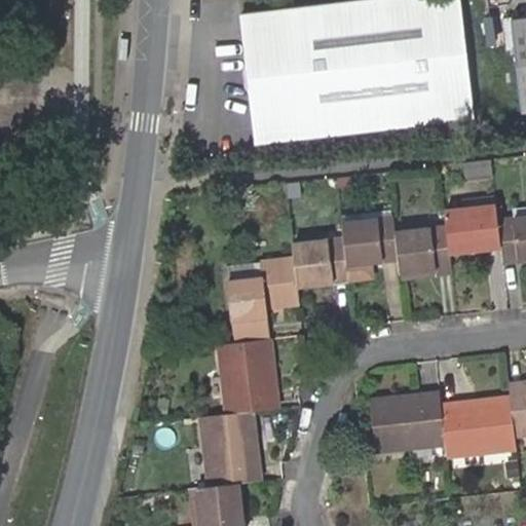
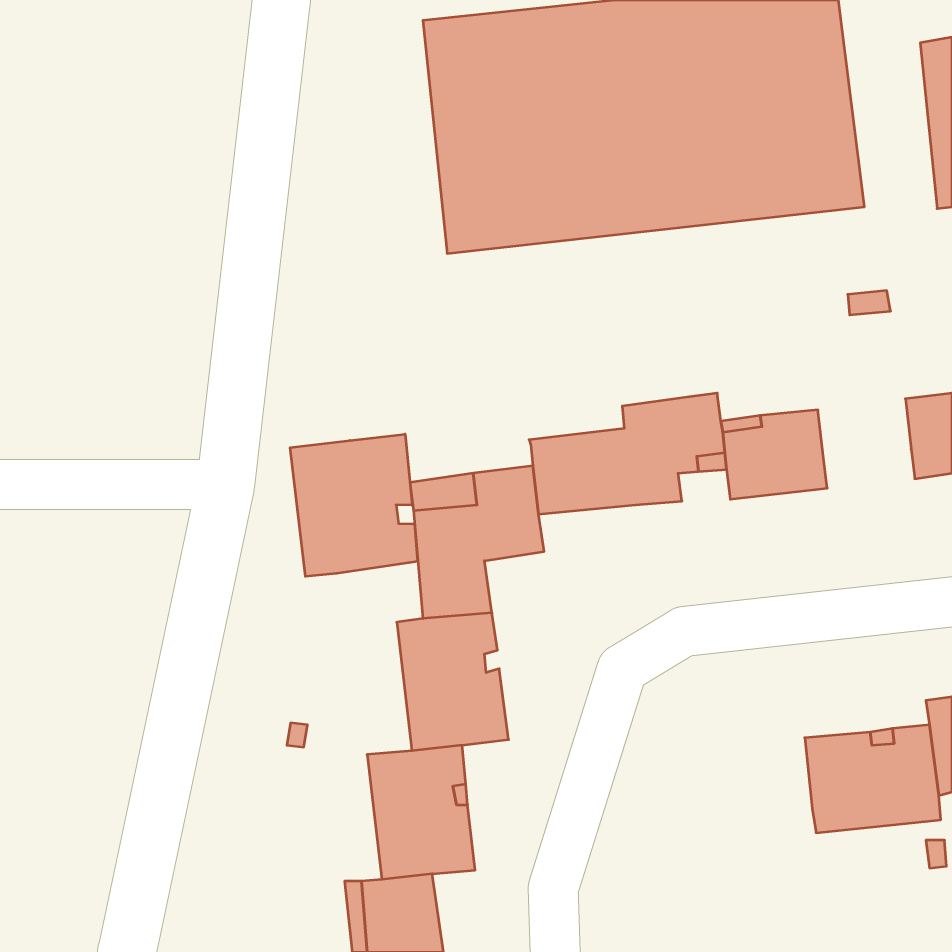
building: [449,208,502,253] -> none
building: none -> [290,434,418,576]
building: [374,394,448,453] -> none

